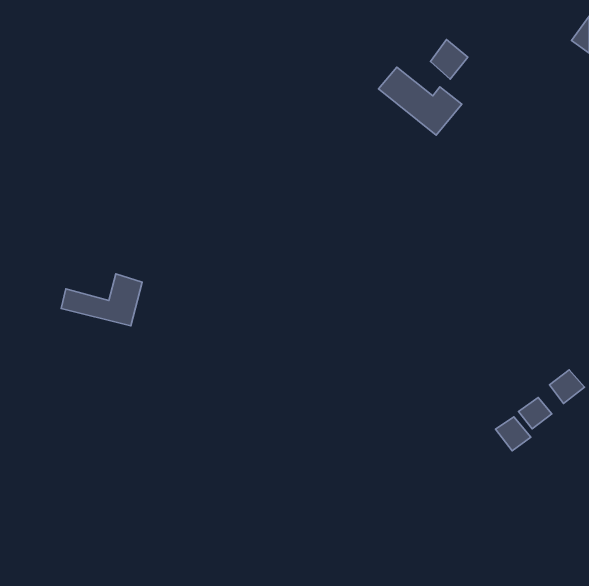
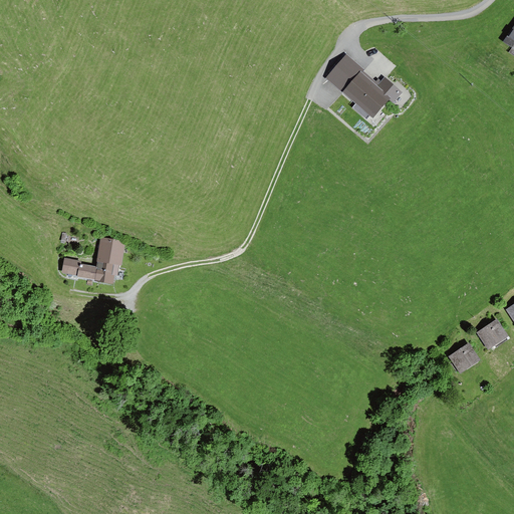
building: [430,40,468,79] -> none
building: [495,417,531,451] -> none

